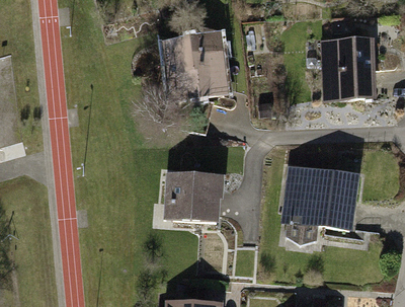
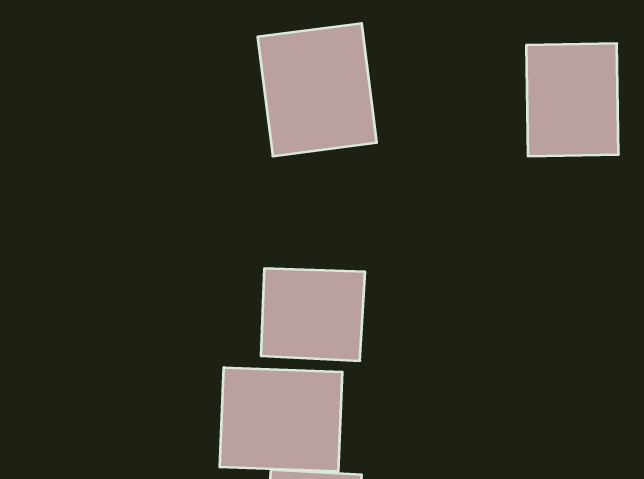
building: [284,161,360,241] -> none
building: none -> [220,367,342,472]

